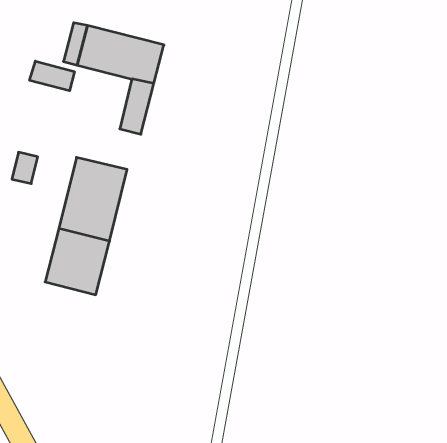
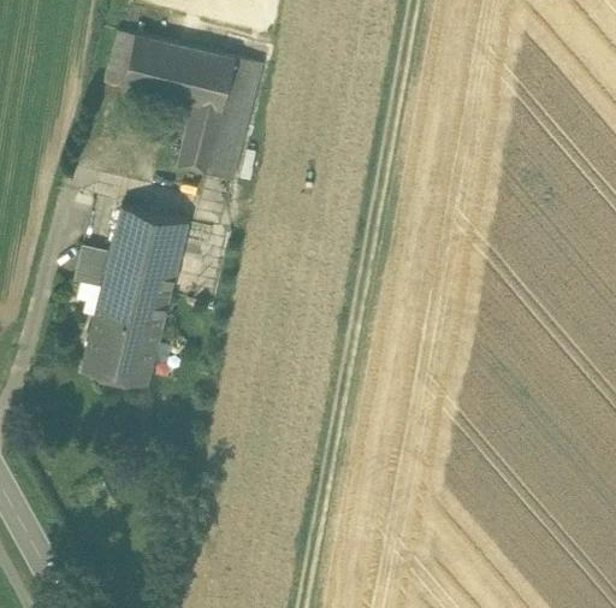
building: none -> [206,60,260,183]
building: [30,61,74,91] -> none
building: [12,152,38,184] -> [73,246,107,287]

